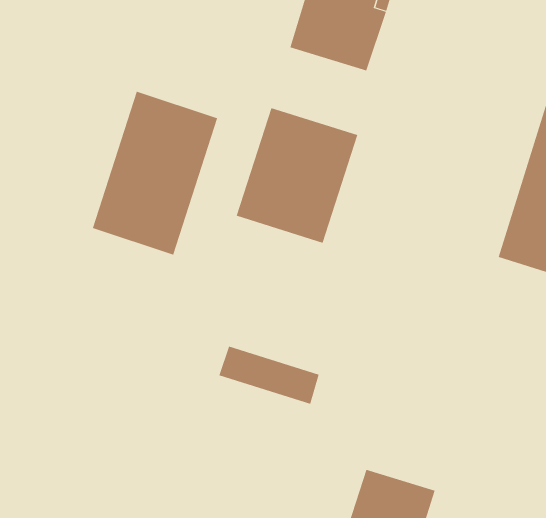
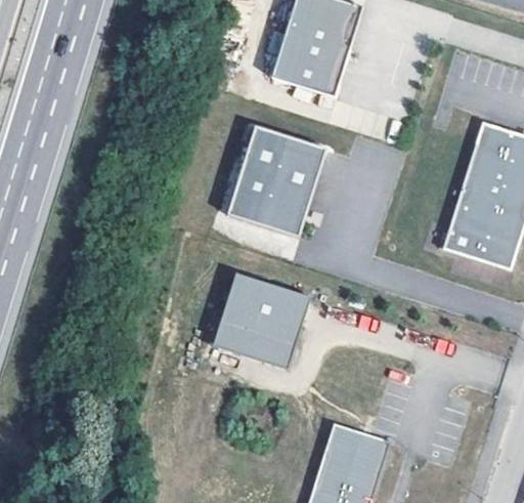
building: [92,91,218,256] -> none
building: none -> [221,271,311,344]

